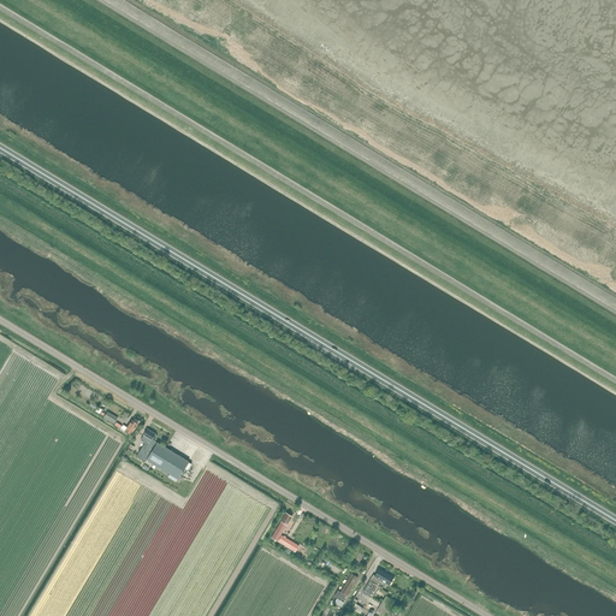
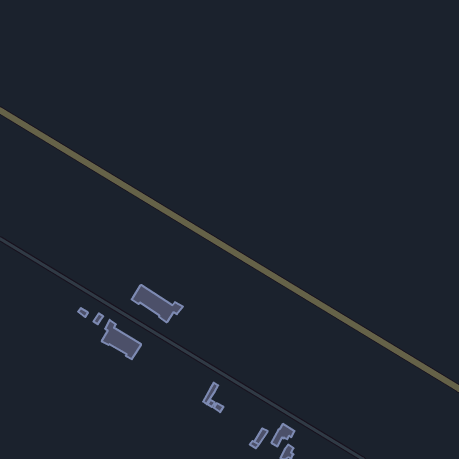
building: none -> [132,285,183,322]

